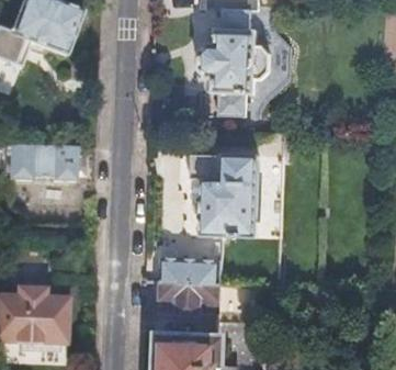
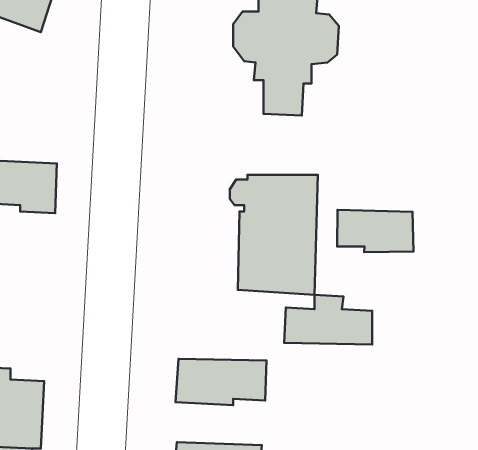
building: none -> [337,210,413,252]
building: [161,247,222,281] -> [284,295,372,344]

